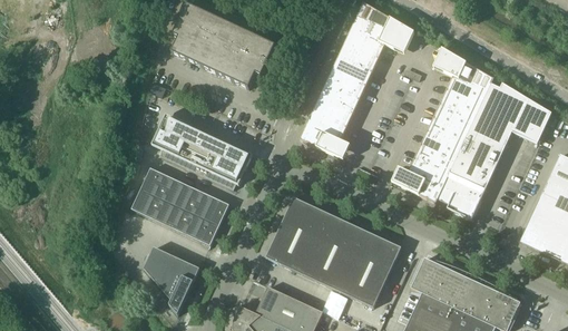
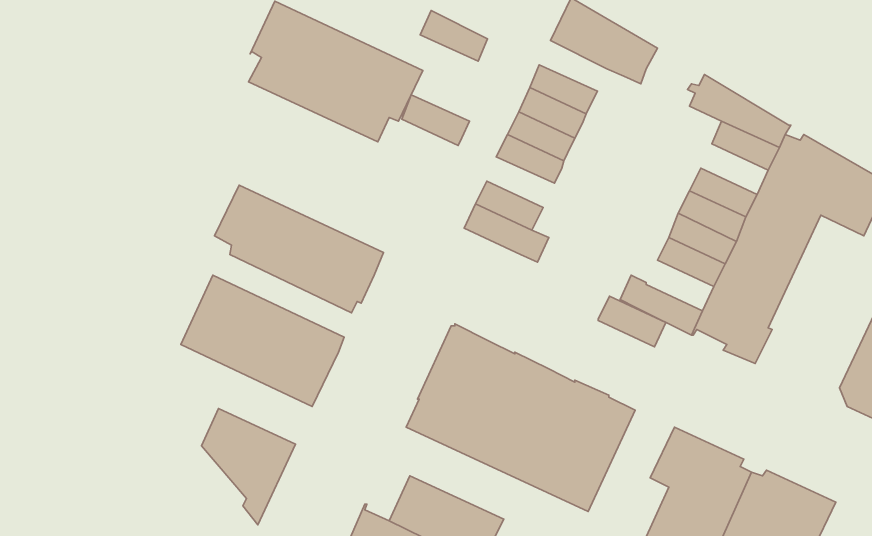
building: [345,28,385,58] -> [420,11,488,61]
building: [441,89,481,119] -> none
building: [314,97,354,127] -> [402,95,470,145]
building: [409,158,449,188] -> [598,296,666,347]

